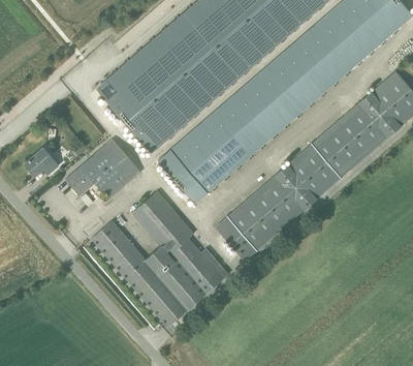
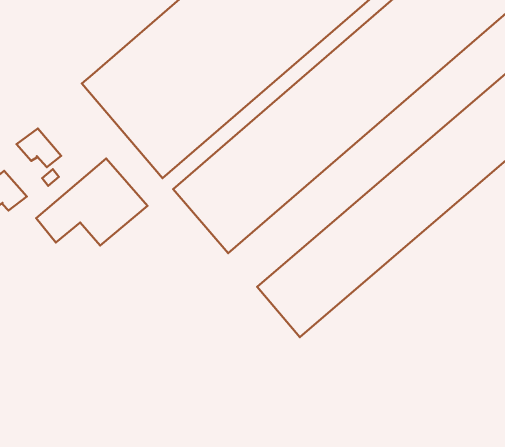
building: none -> [17,129,61,167]
building: [91,190,228,326] -> none

